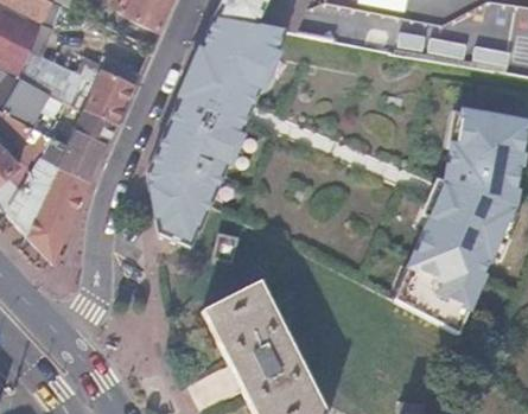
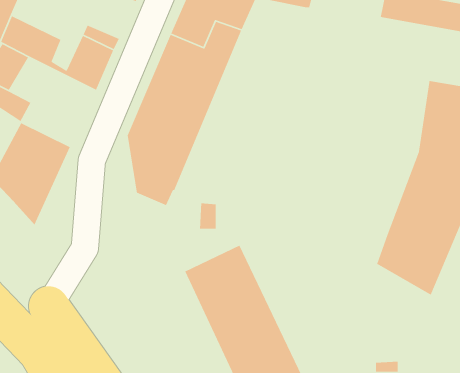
building: [42,107,119,180] -> none

